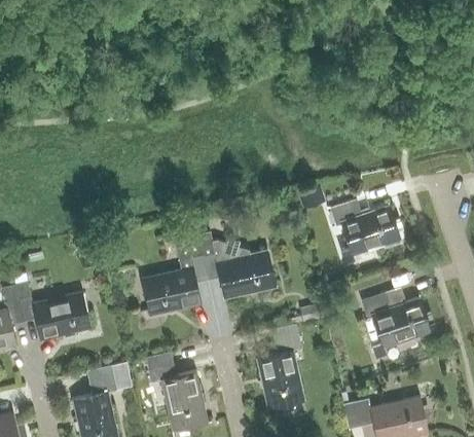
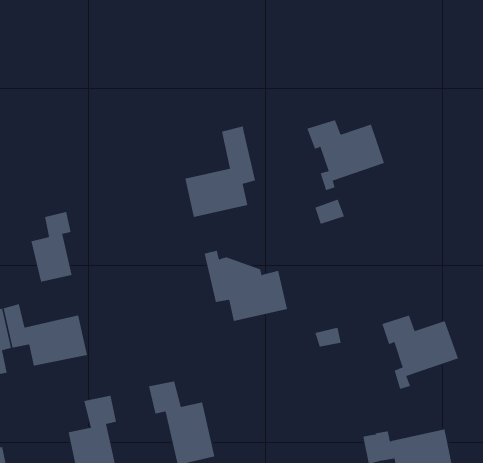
building: none -> [31,211,72,283]
building: [329,199,401,265] -> [307,120,385,191]
building: [142,230,208,315] -> [184,126,256,217]
building: [256,324,303,409] -> none

